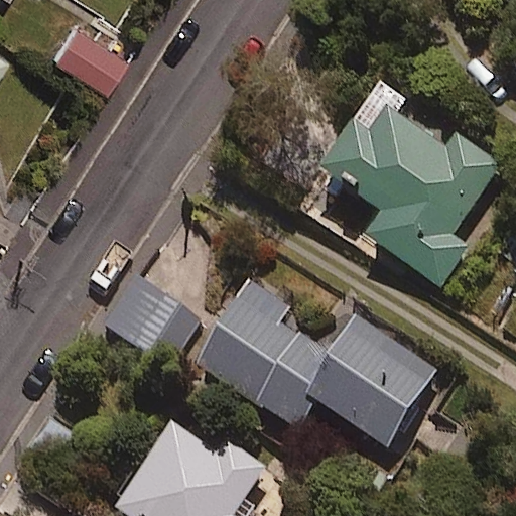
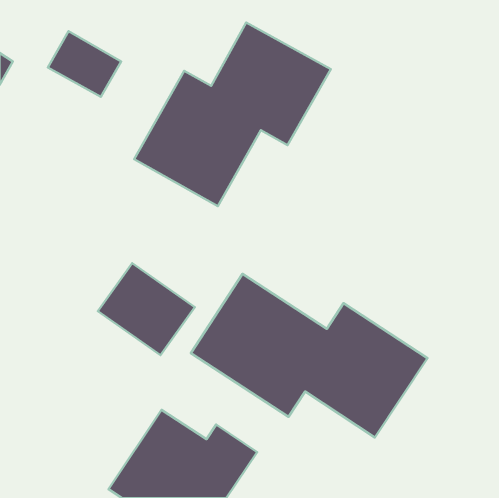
building: none -> [134,22,331,206]
building: [311,102,505,285] -> none

